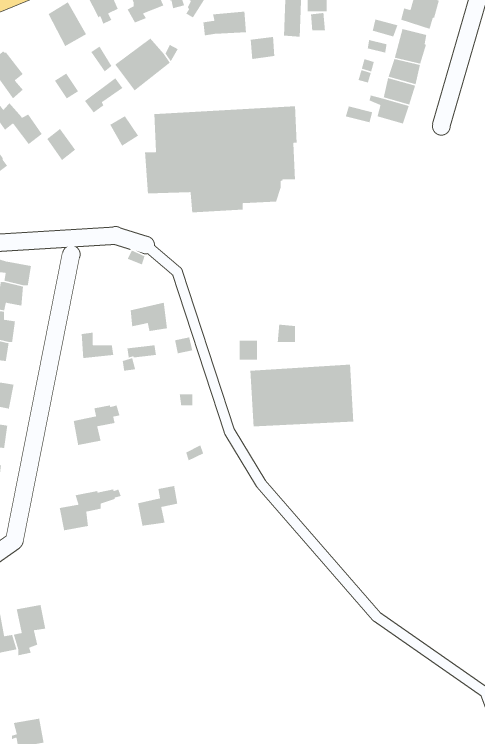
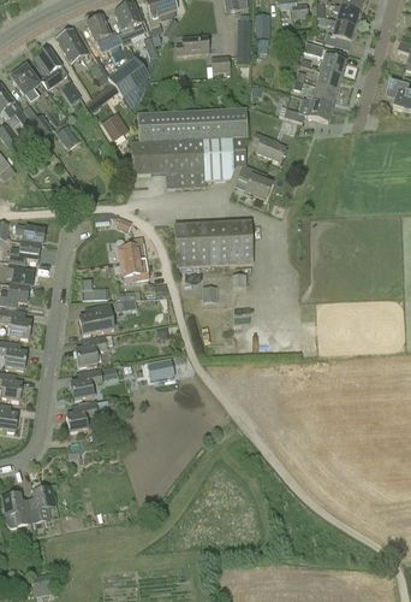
building: none -> [34,48,67,89]
building: none -> [251,131,286,161]
building: none -> [234,165,272,199]
building: none -> [115,236,145,262]
building: none -> [78,303,112,334]
building: [250,364,354,427] -> [173,219,252,267]
building: [137,485,178,526] -> [71,367,102,399]

